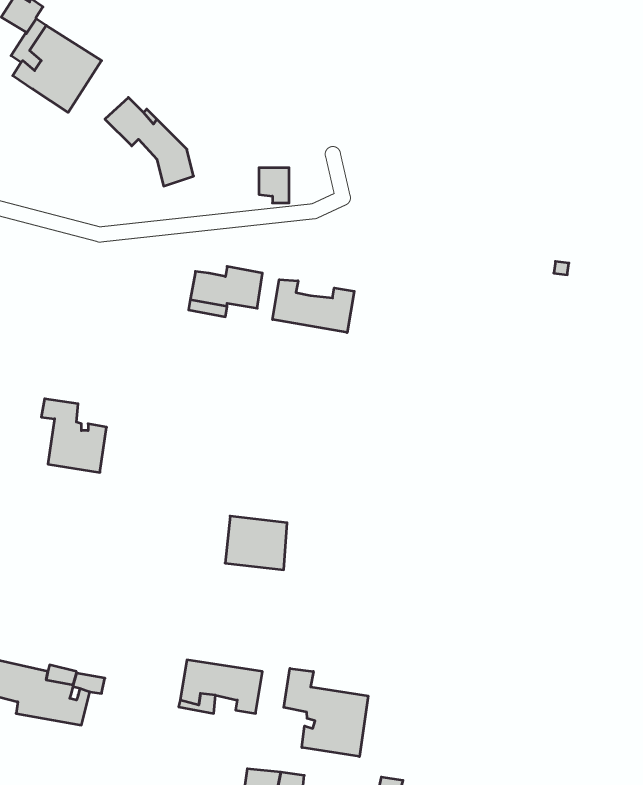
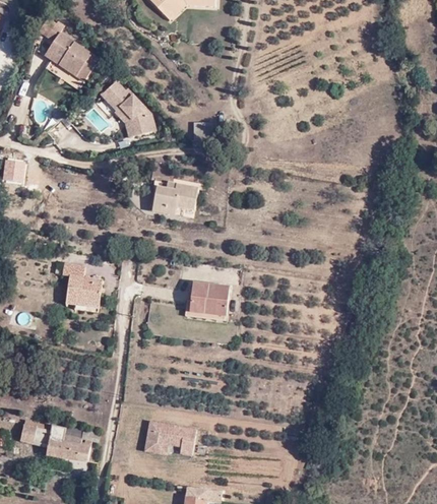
building: [273,280,354,333] -> none
building: [225,516,287,570] -> [191,282,229,315]
building: [284,668,368,757] -> none

